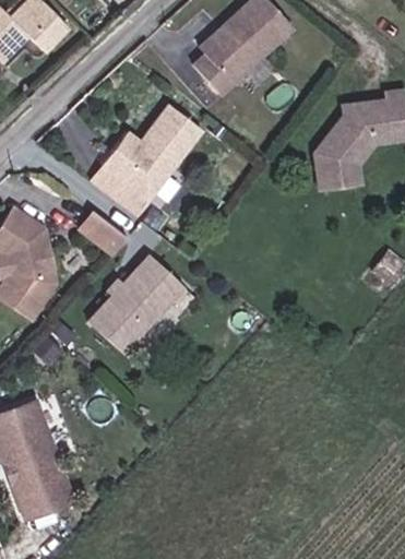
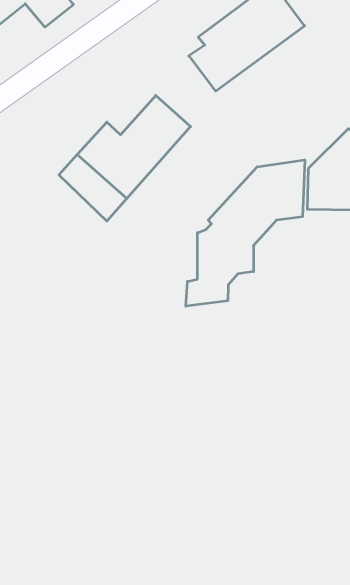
building: none -> [186,160,305,306]
building: [76,210,124,253] -> none
building: [83,253,181,354] -> none

